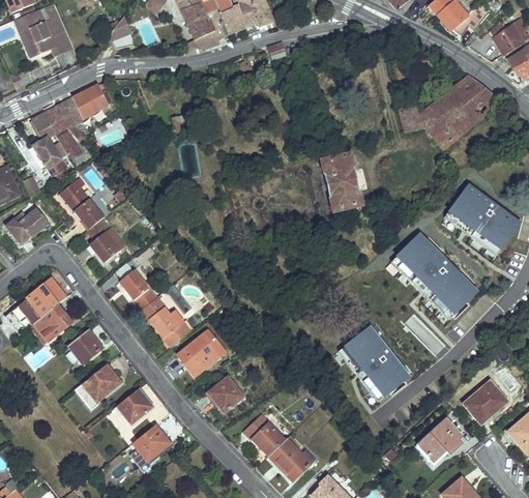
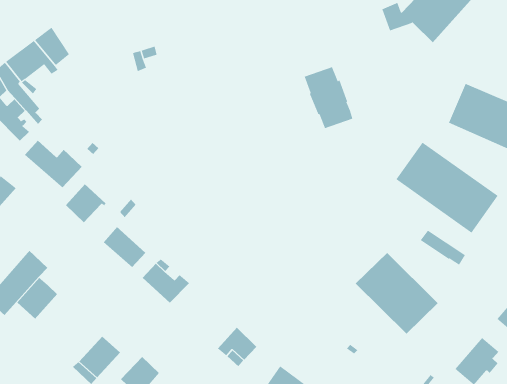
building: [68,329,101,362] -> none
building: [178,334,218,375] -> none

